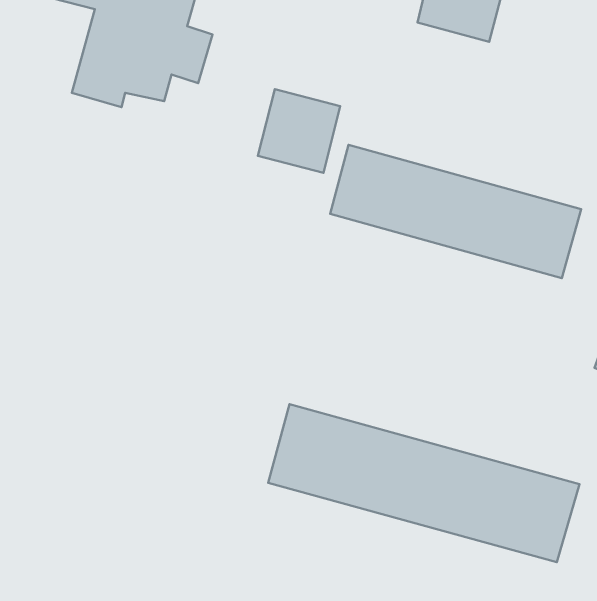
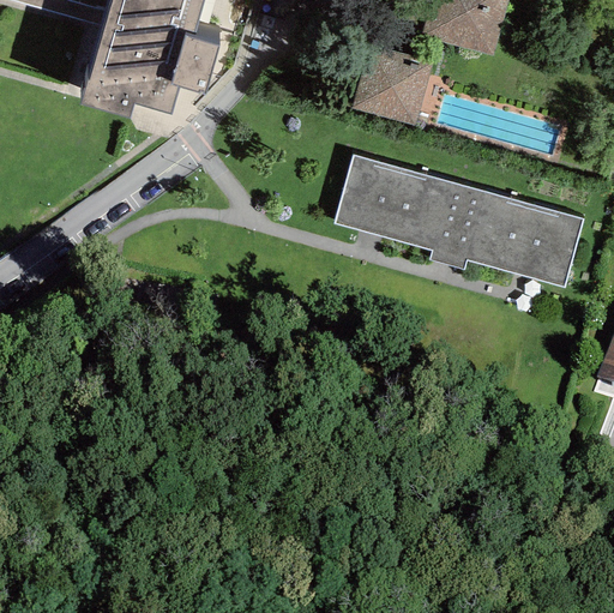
building: [258,89,340,173] -> [353,43,434,126]
building: [268,404,579,562] -> none

